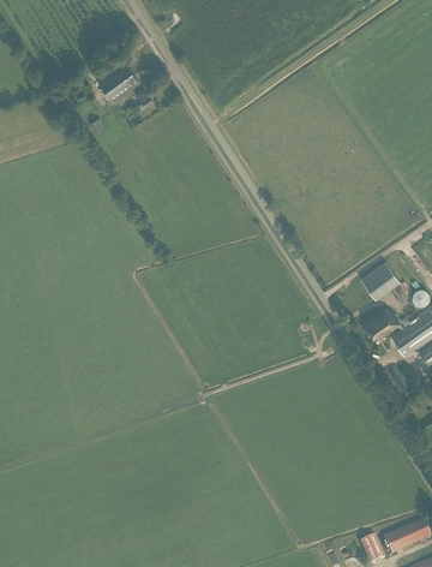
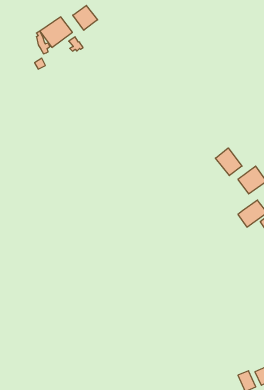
building: none -> [73,5,98,30]
building: none -> [215,148,242,176]

